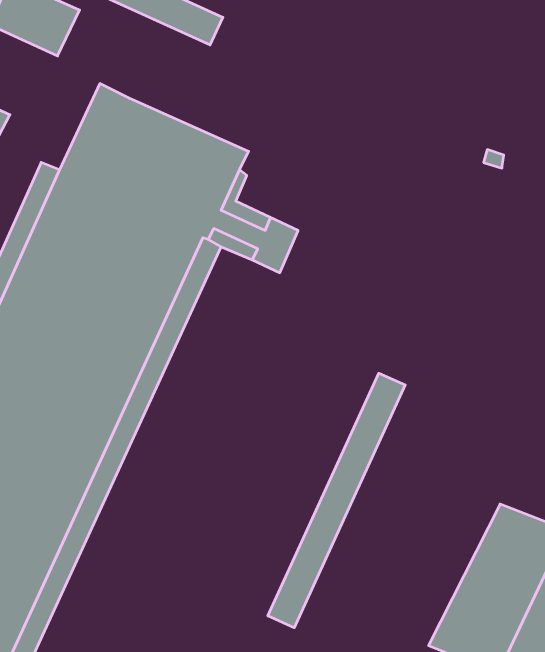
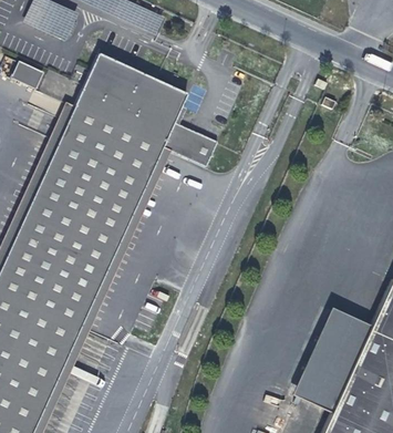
building: [268,373,405,628] -> none

